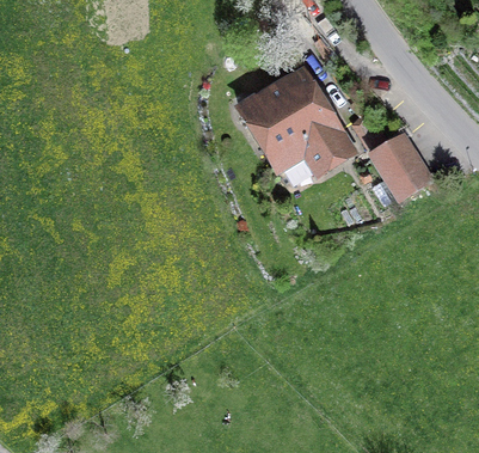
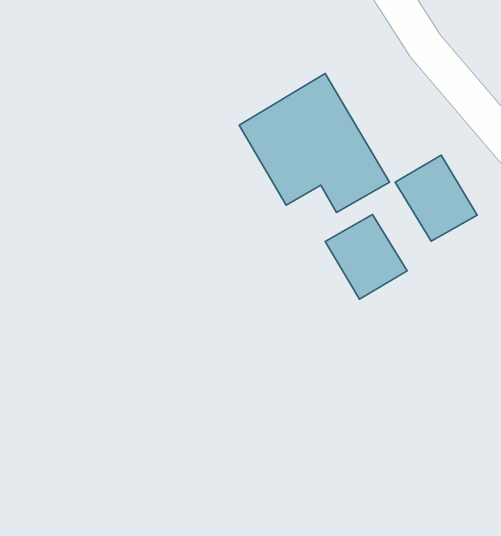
building: none -> [325,215,407,299]

